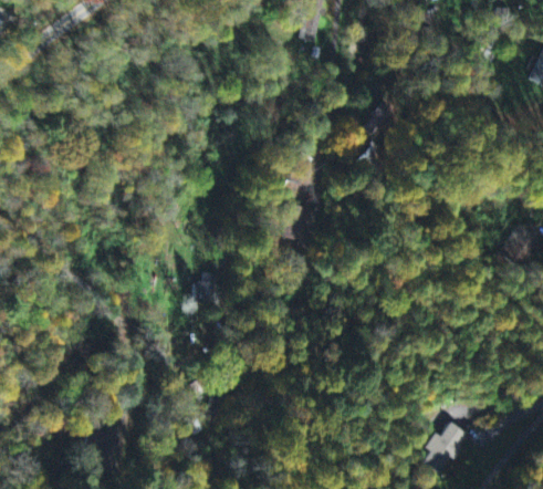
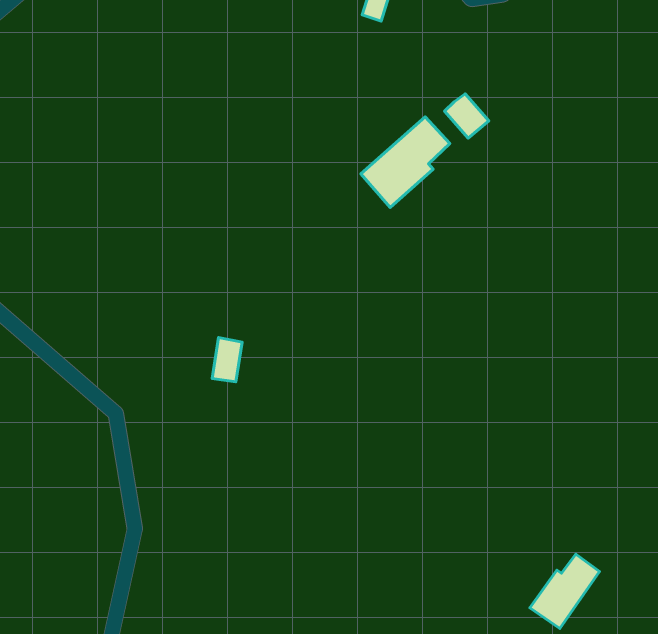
building: none -> [361,117,450,208]

